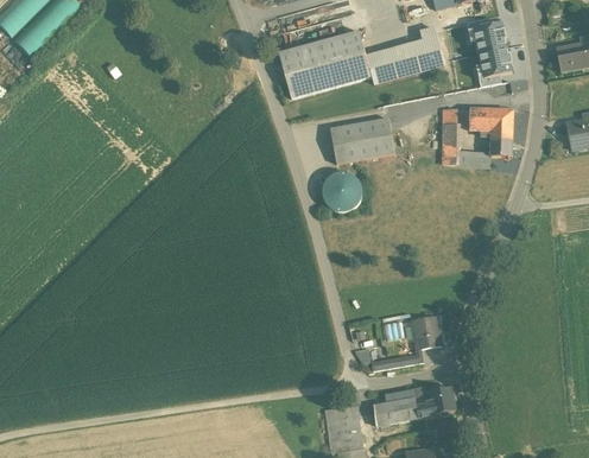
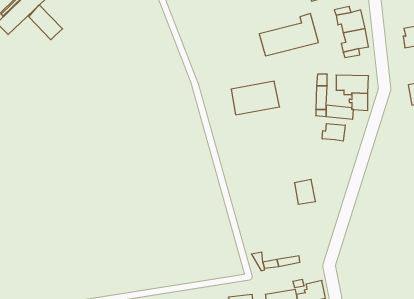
building: none -> [29,5,63,40]
building: [279,31,372,97] -> none
building: [319,171,356,208] -> none
building: none -> [322,124,345,141]
building: [413,314,442,348] -> [294,179,316,204]

